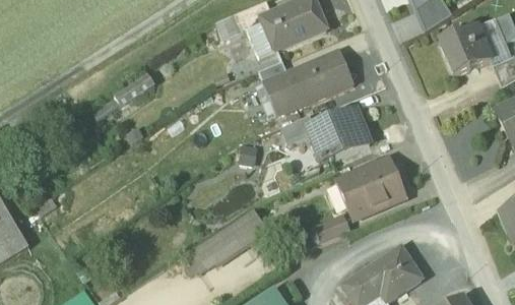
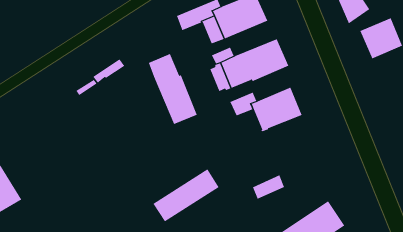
building: none -> [148,53,198,125]
building: [344,162,402,214] -> none

